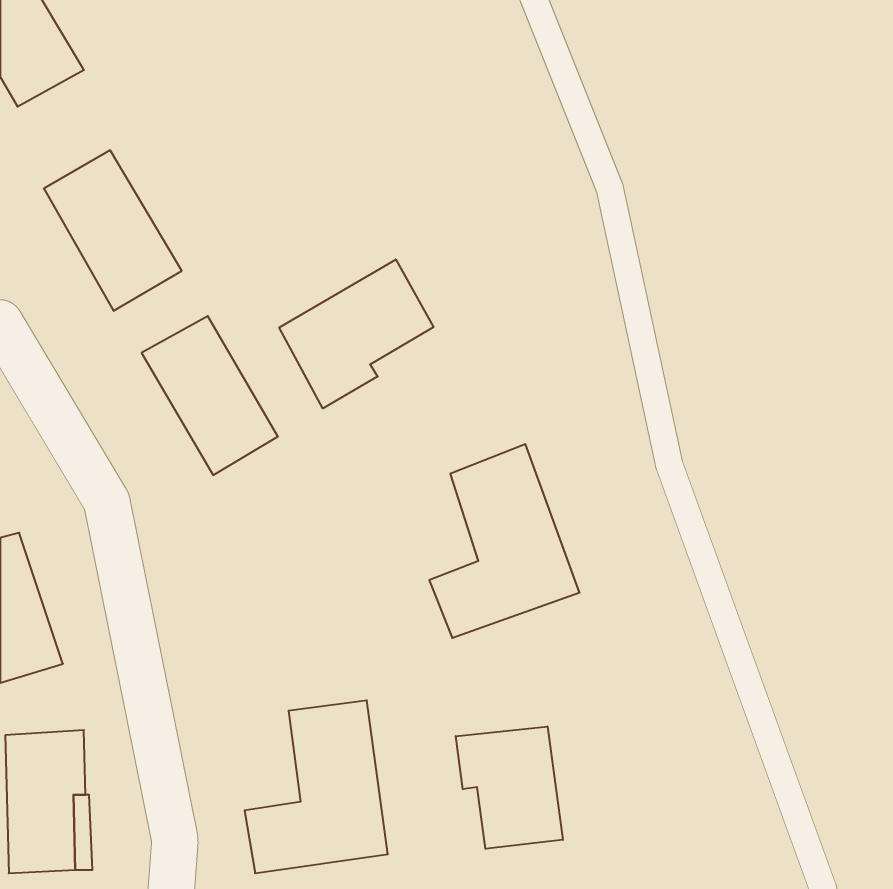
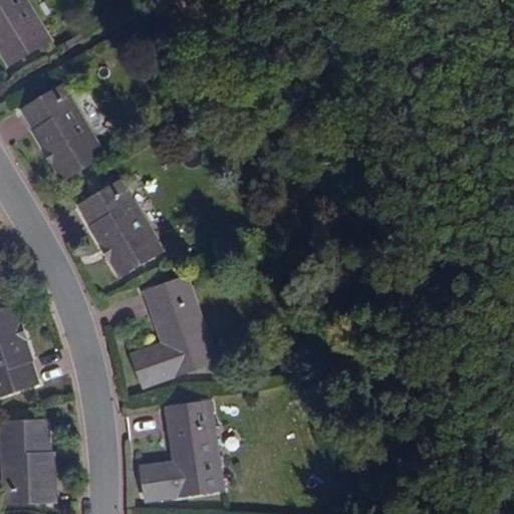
building: [279,259,433,408] -> none
building: [429,444,580,638] -> [131,275,217,387]
building: [456,726,563,849] -> none

